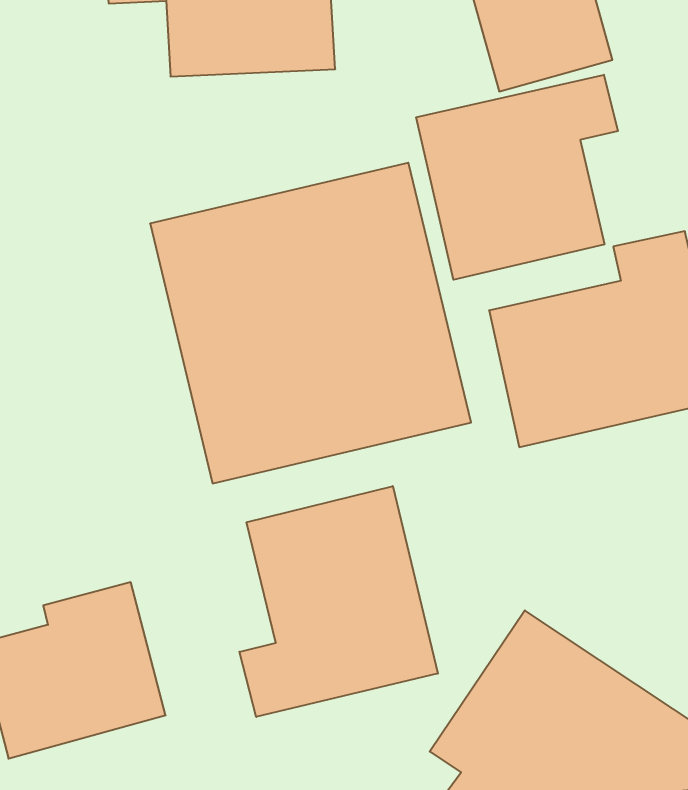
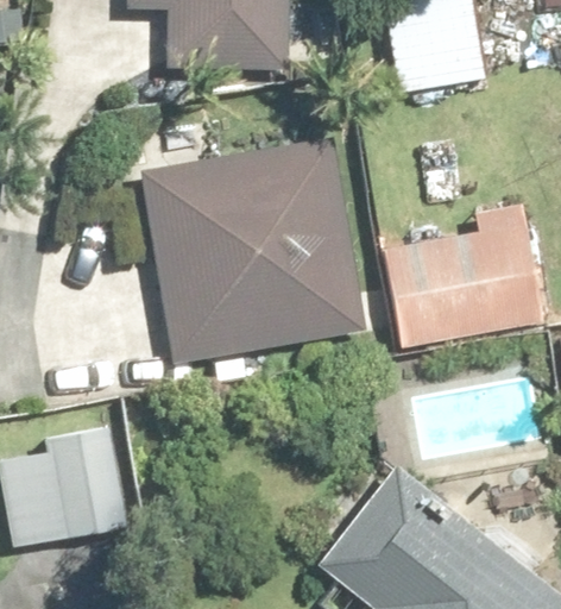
building: [416,75,618,280] -> none
building: [239,486,438,717] -> none

